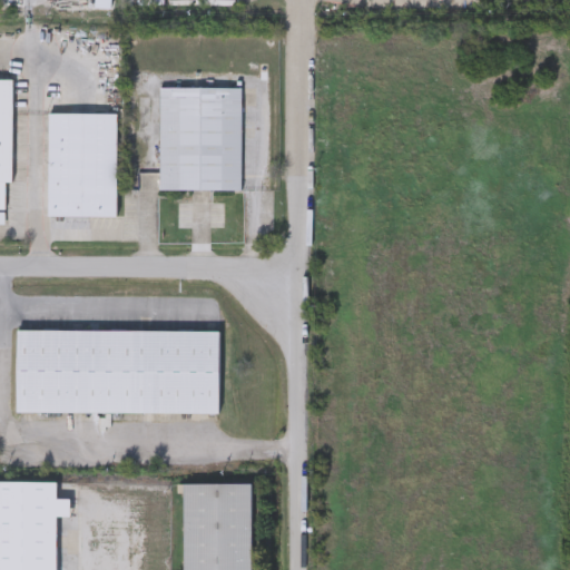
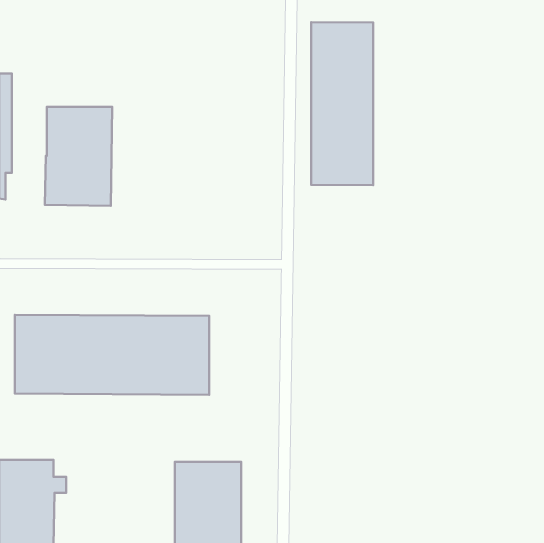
building: none -> [311,22,373,185]
building: [159,88,242,189] -> none

